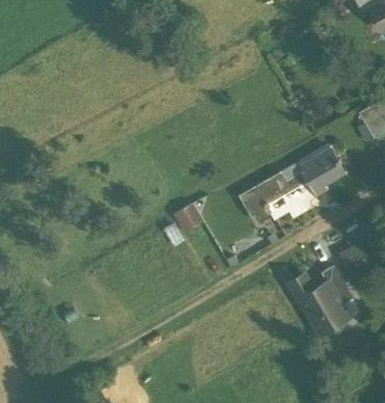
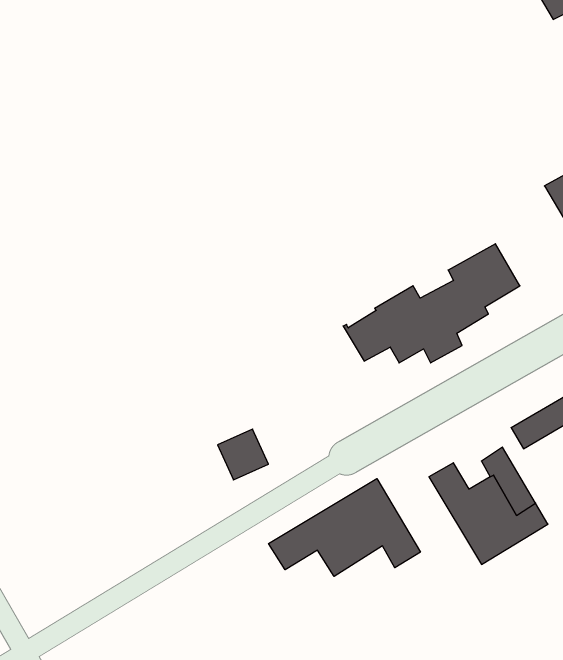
building: [171,203,201,233] -> [218,429,268,480]
building: none -> [269,479,420,576]

